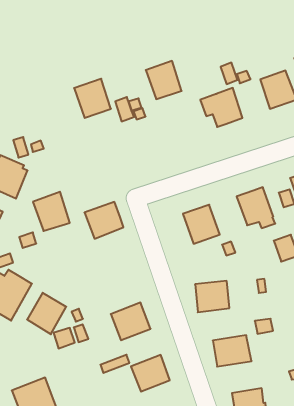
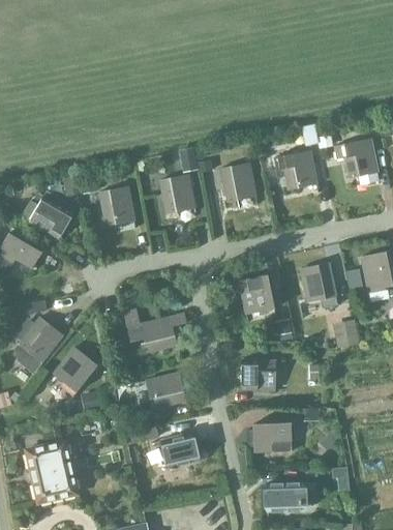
building: [146,61,182,99] -> [220,161,256,201]
building: [74,79,111,118] -> [159,173,196,213]
building: [33,192,70,231] -> [98,184,135,225]
building: [84,202,123,239] -> [138,316,178,353]

